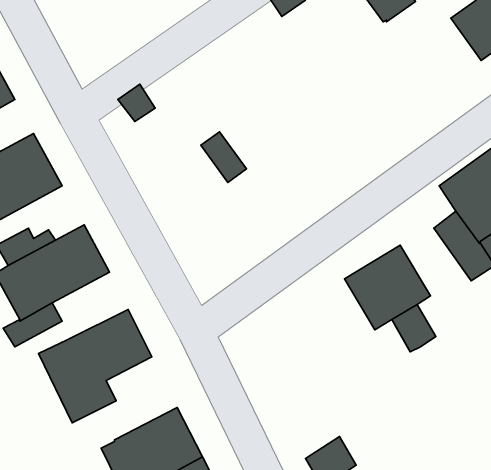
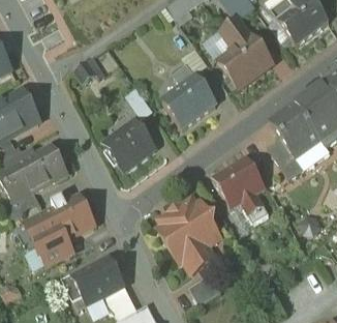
building: none -> [219,19,273,87]
building: none -> [162,65,217,127]
building: none -> [103,119,156,171]
building: none -> [159,199,217,272]

